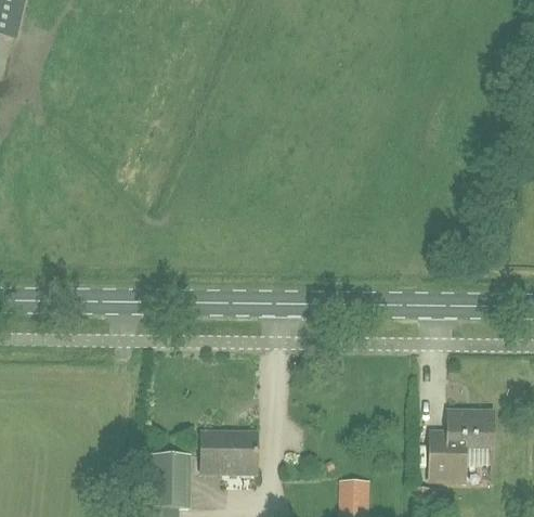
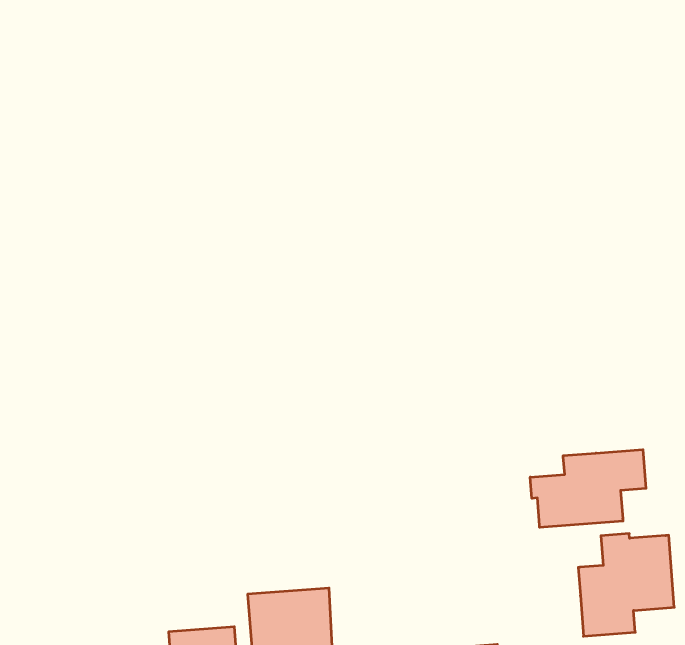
building: none -> [530,450,646,527]

